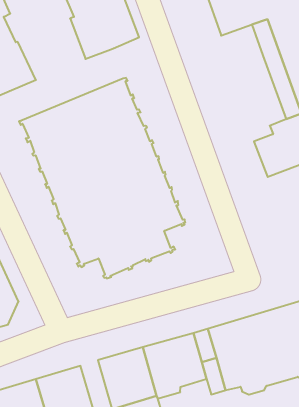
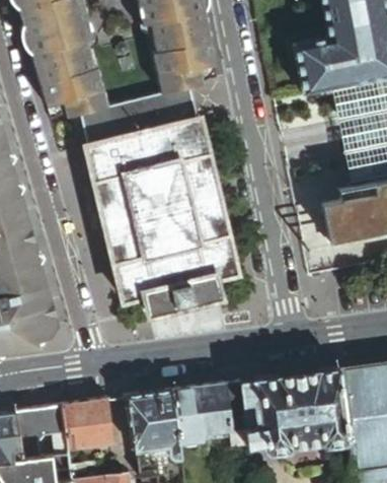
building: none -> [81,89,197,147]

